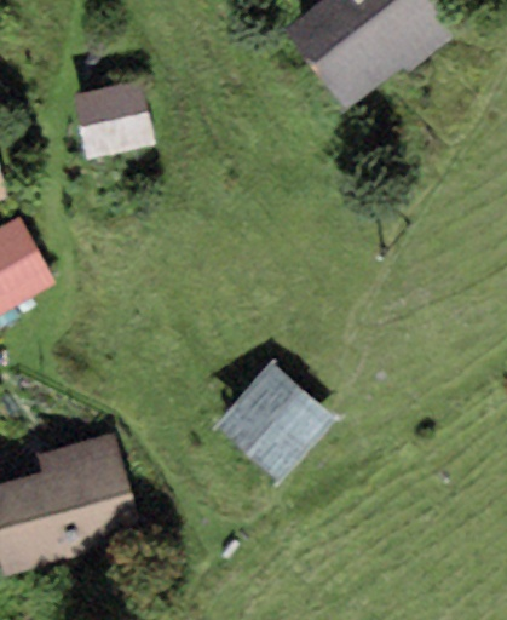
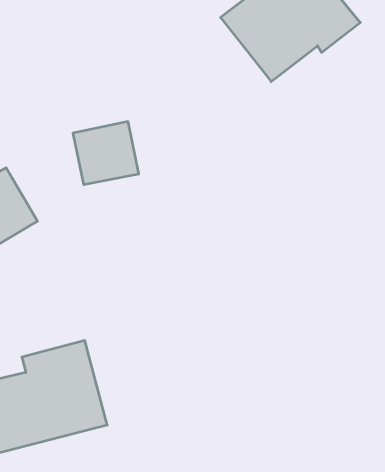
building: [71,80,154,159] -> [73,122,139,185]
building: [212,360,336,483] -> none

